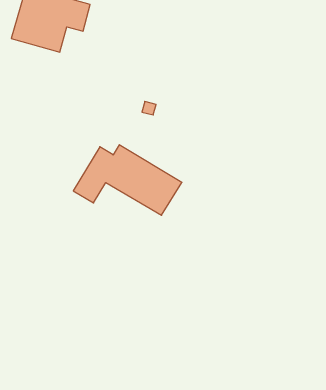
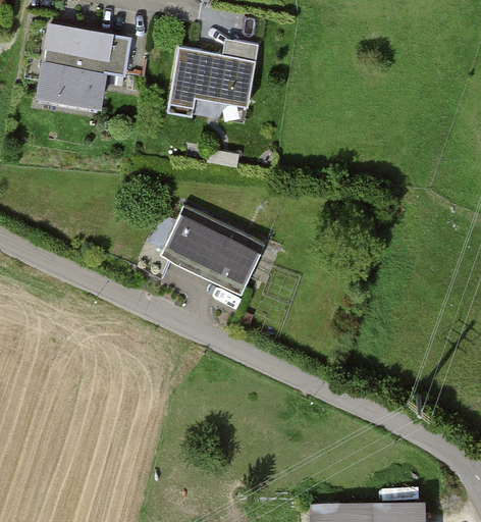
building: none -> [168,47,256,116]

